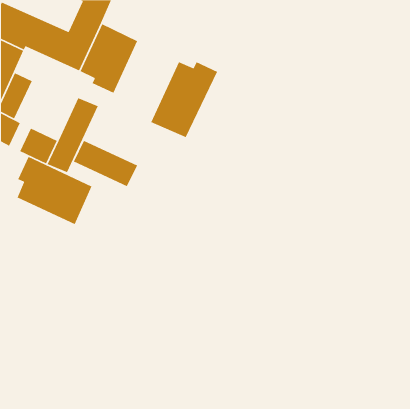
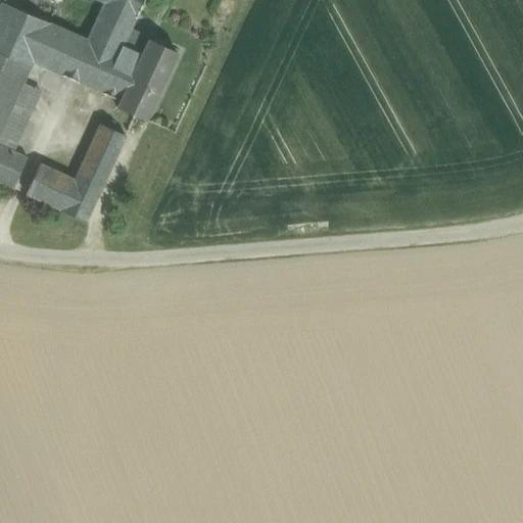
building: [150,61,218,138] -> none
building: [73,140,138,187] -> none
building: [16,156,92,225] -> none

